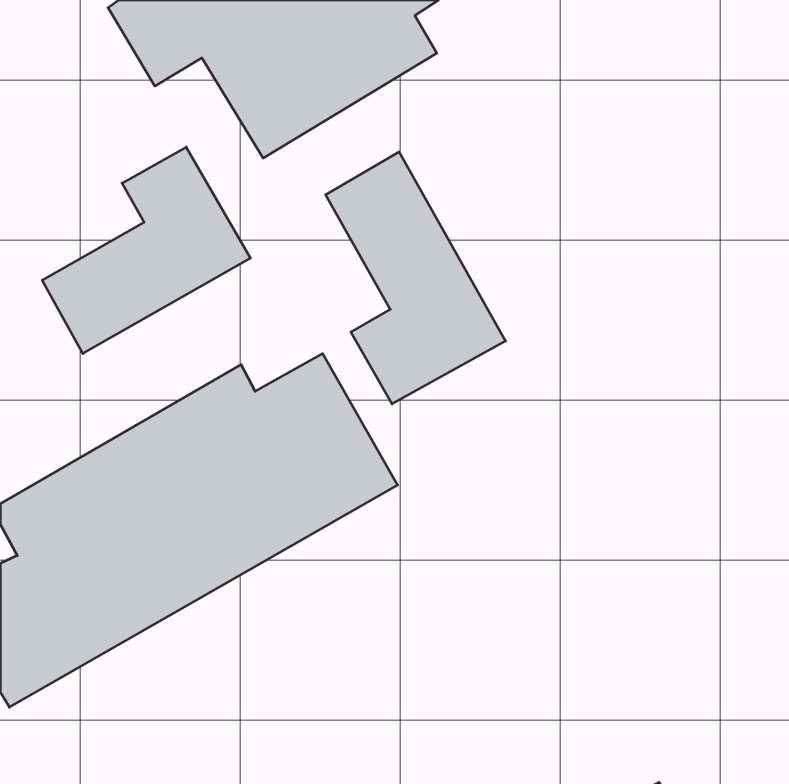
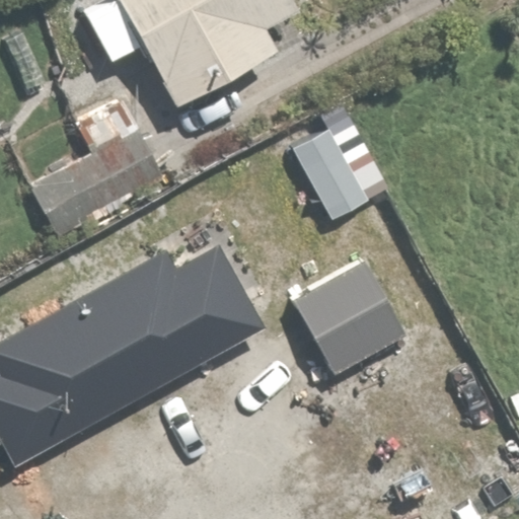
building: [326,152,506,404] -> none
building: none -> [291,261,403,373]

